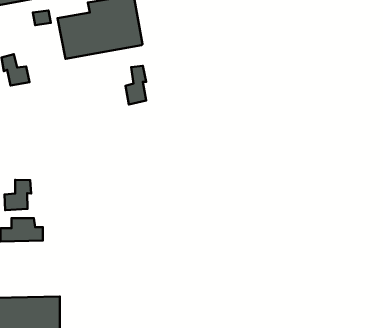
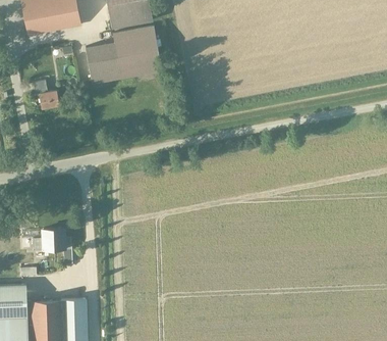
building: [125,66,146,105] -> none
building: [5,180,31,210] -> none

